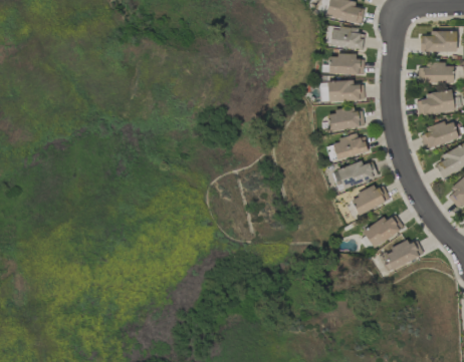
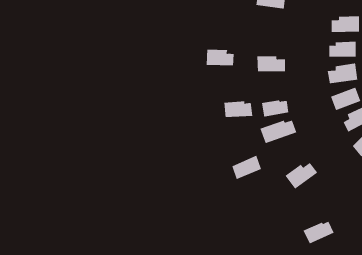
building: [330,28,365,49] -> none
building: [328,54,365,75] -> [206,49,235,66]
building: [327,109,365,130] -> [223,101,253,118]
building: [352,184,390,215] -> [231,155,262,180]
building: [384,241,424,270] -> [302,221,334,244]

